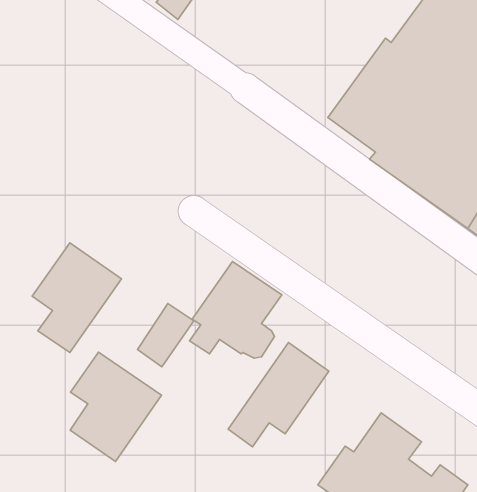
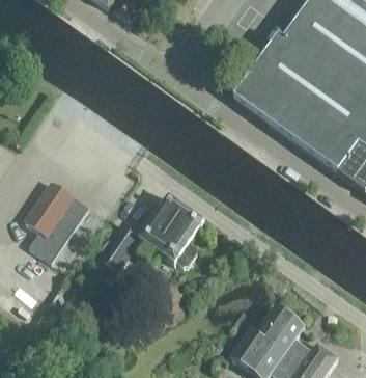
building: [228,342,329,447] -> none
building: [70,352,161,461] -> none

